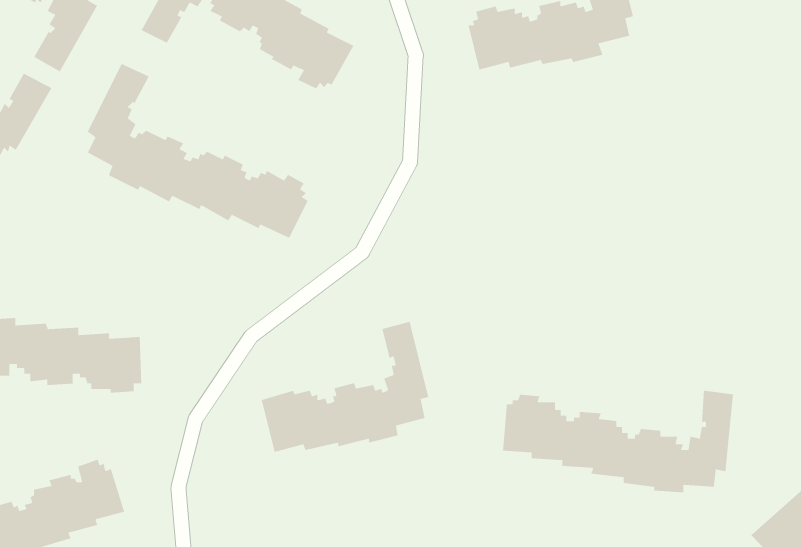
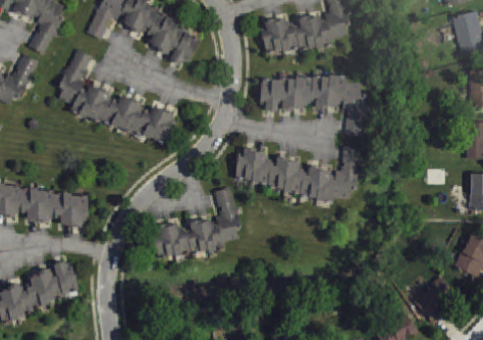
building: none -> [260,75,366,136]
building: [502,390,734,493] -> [236,146,360,201]

